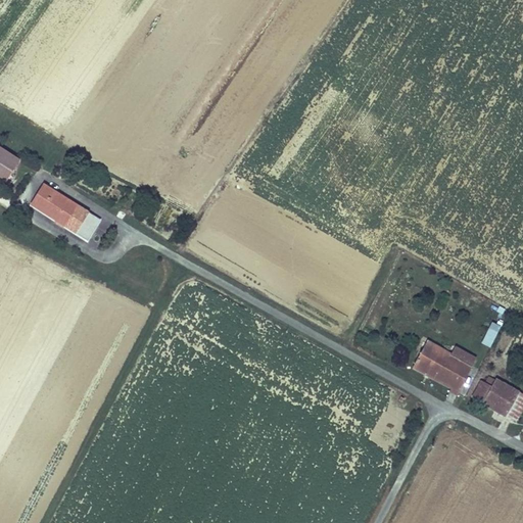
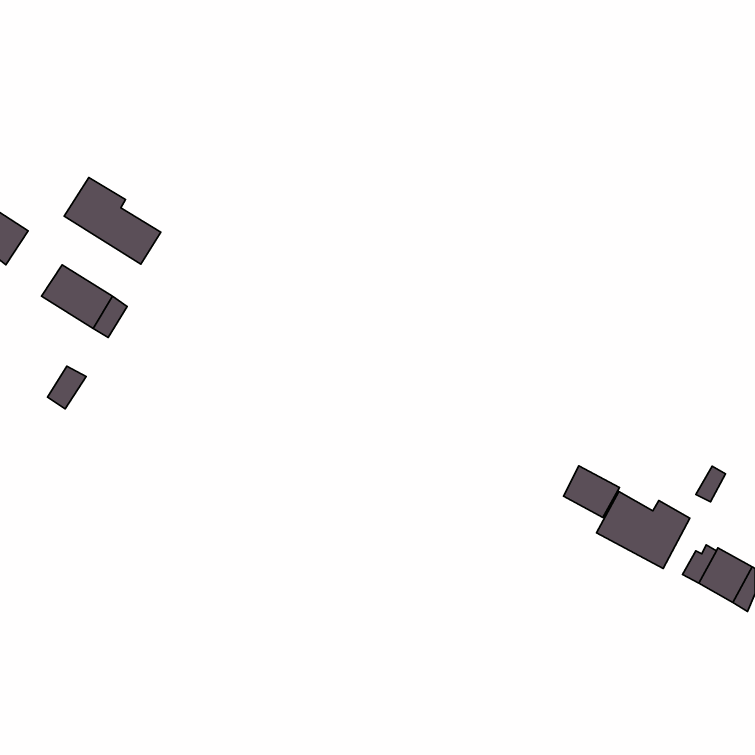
building: none -> [64,177,161,264]
building: [75,211,101,241] -> [48,366,86,409]
building: none -> [564,466,620,517]

